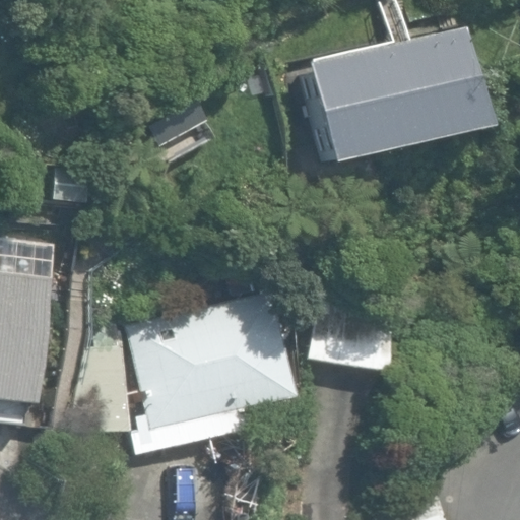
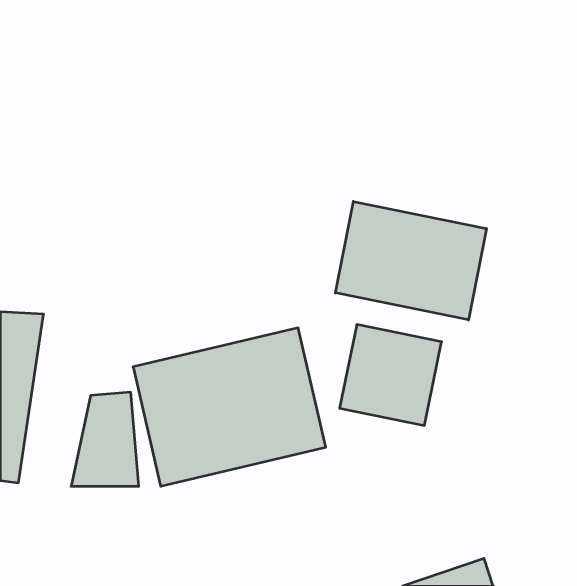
building: [303,28,485,165] -> none
building: none -> [335,201,486,320]

